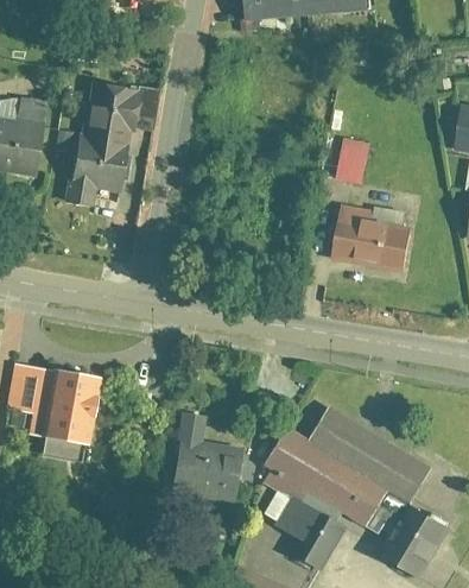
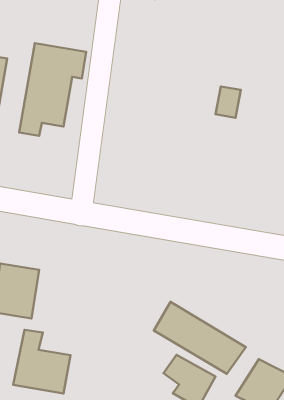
building: [335,202,417,268] -> none
building: [298,410,422,507] -> none
building: [160,419,239,506] -> [13,330,71,393]

